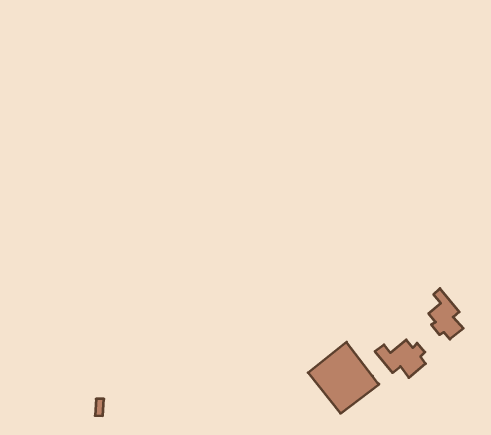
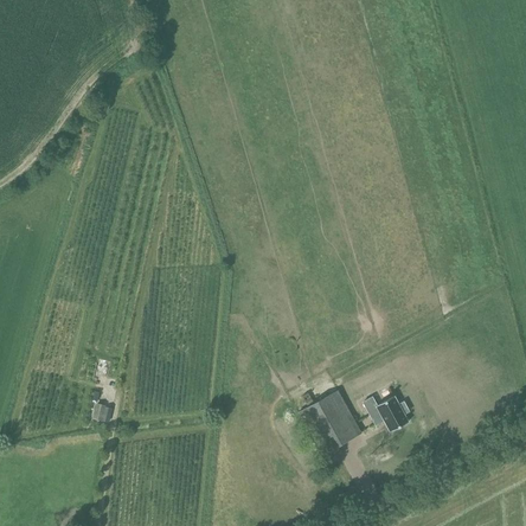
building: [429,288,463,339] -> none

